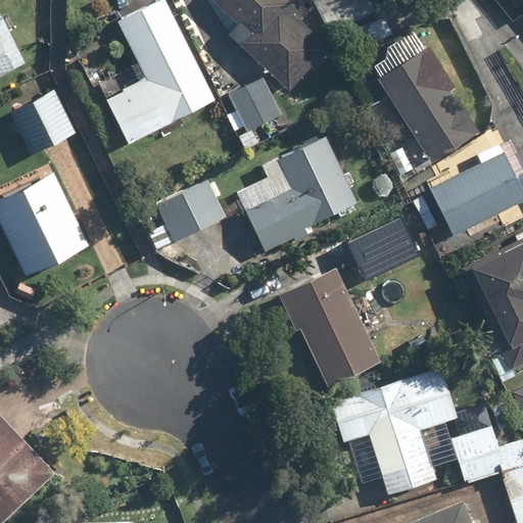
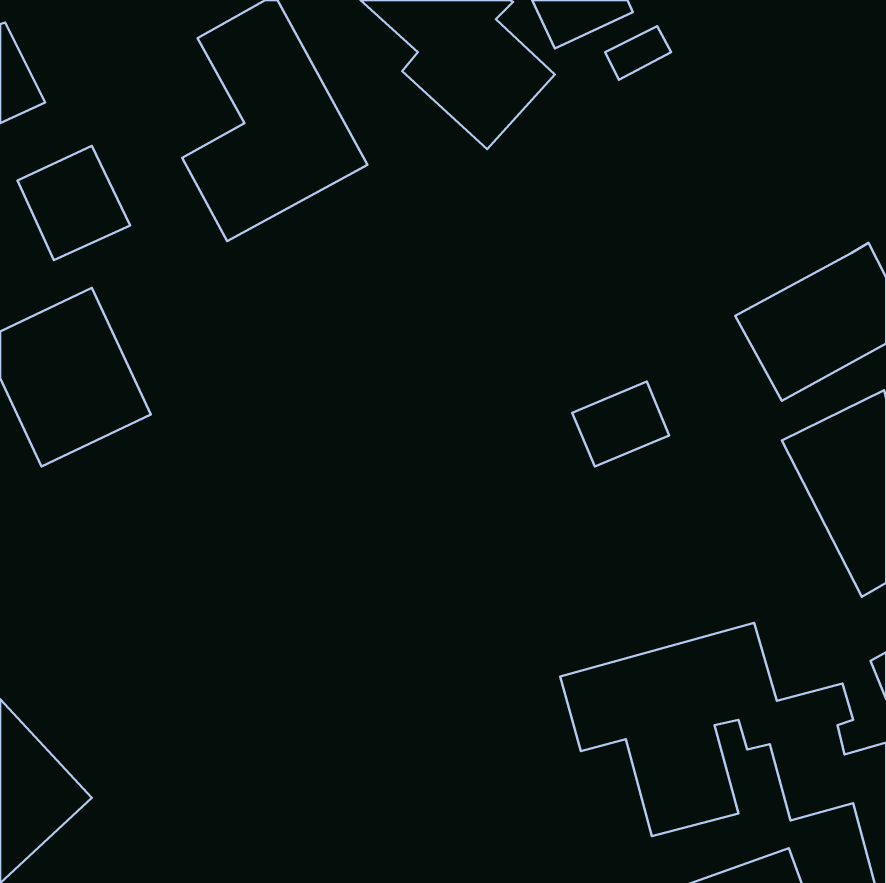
building: [364,33,484,170] -> none
building: [227,76,283,132] -> none
building: [241,135,359,254] -> none
building: [155,179,227,245] -> none
building: [279,266,383,391] -> none

